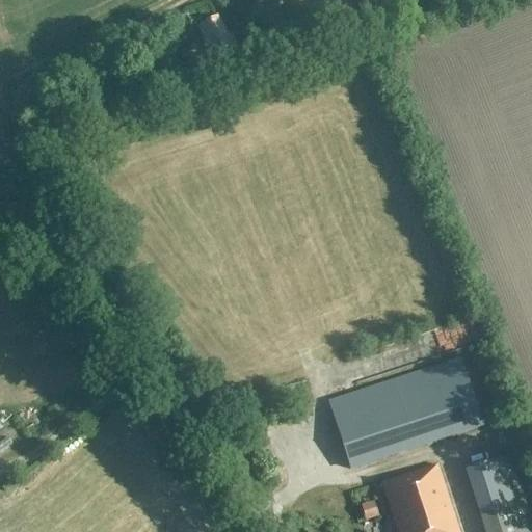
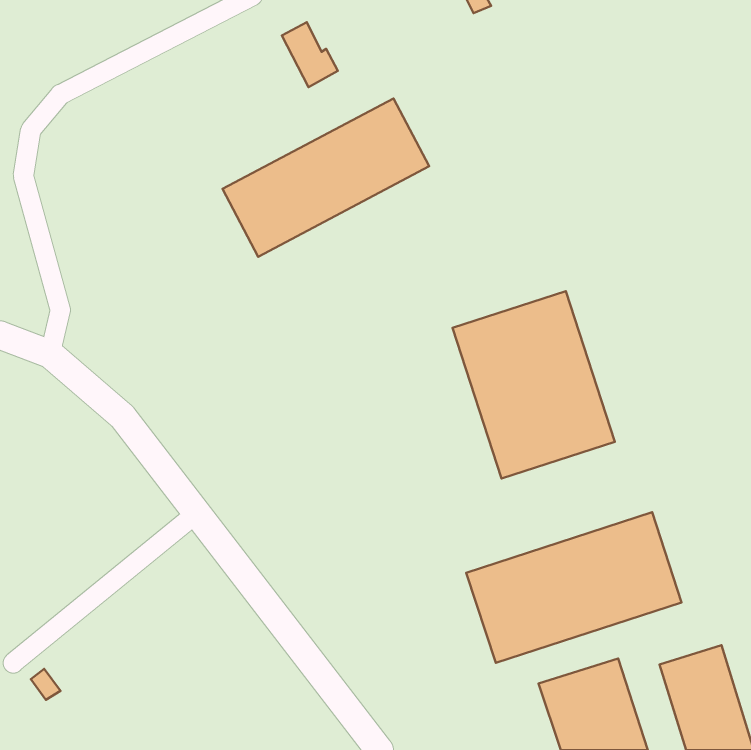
building: none -> [223,98,429,257]
building: none -> [452,291,615,479]

